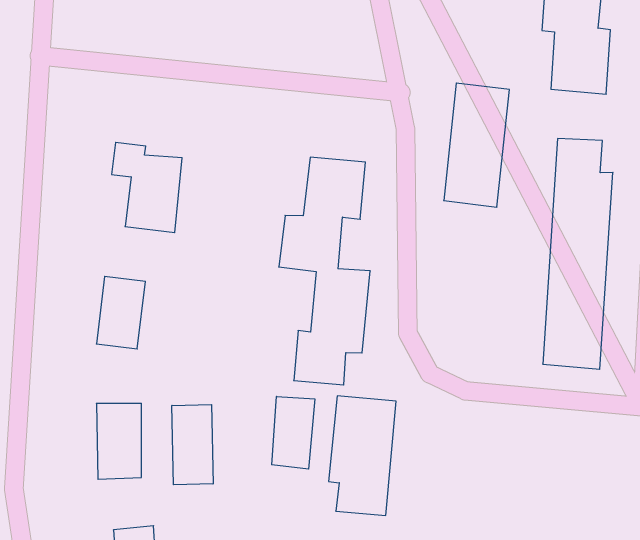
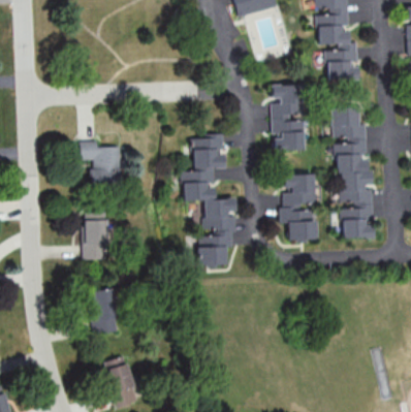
building: [329,396,396,515] -> [280,173,316,241]
building: [272,396,315,469] -> none
building: [172,405,213,485] -> none

